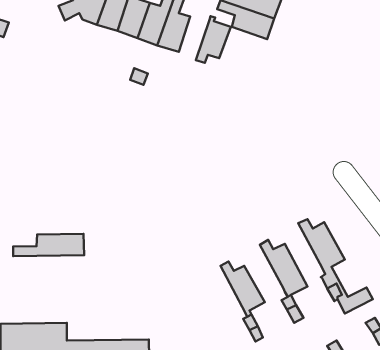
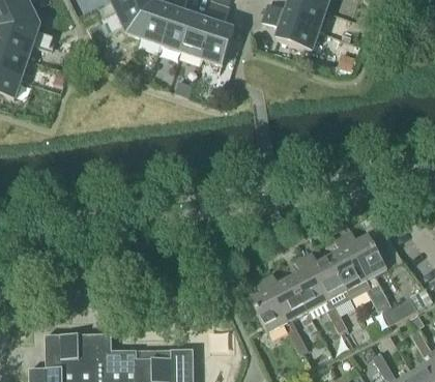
building: [196,16,231,63] -> none
building: none -> [328,234,369,297]
building: [13,234,84,256] -> none
building: none -> [288,256,328,313]
building: none -> [249,276,289,334]

